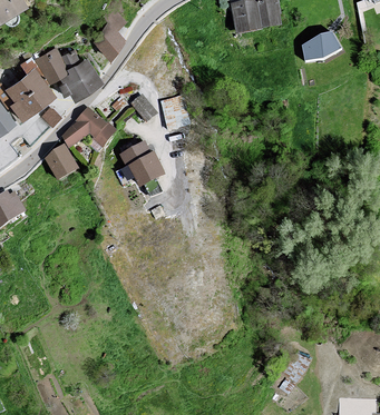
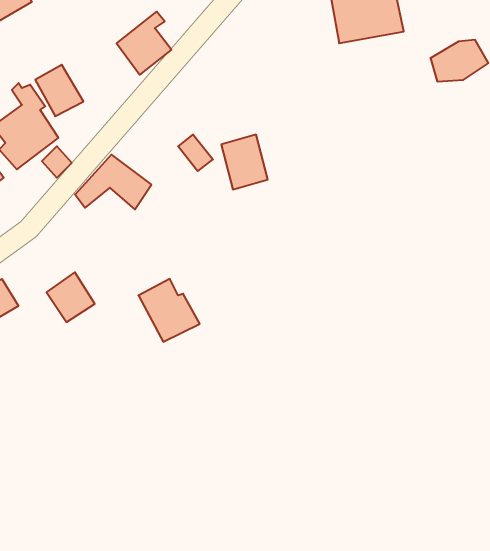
building: [60,51,100,96] -> none
building: [121,141,163,184] -> [138,279,200,342]
building: [45,144,77,177] -> [47,272,95,322]

